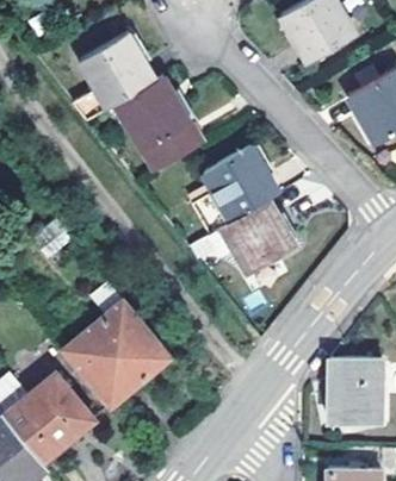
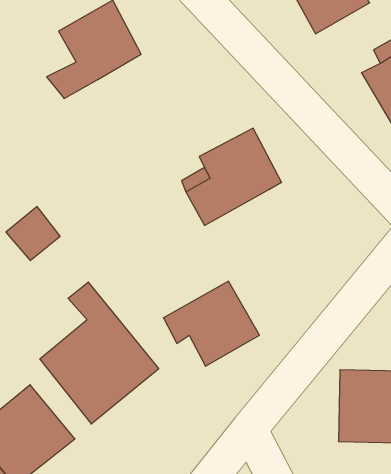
building: [116,75,203,171] -> none
building: [210,199,295,274] -> [163,281,259,366]

